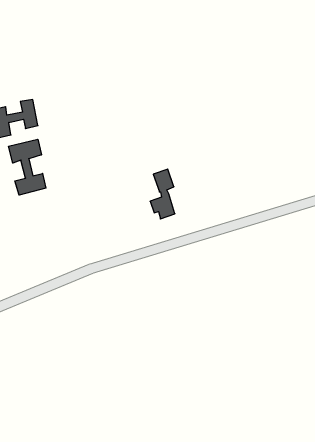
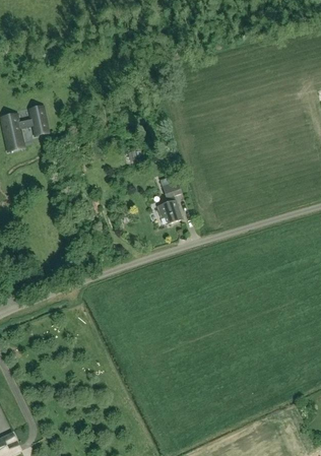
building: [9,139,46,195] -> none

